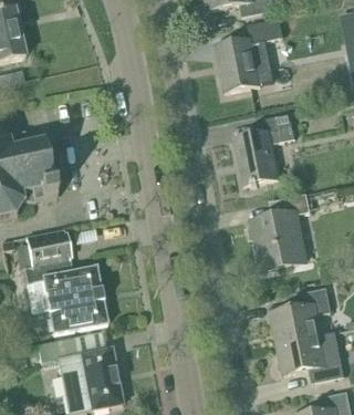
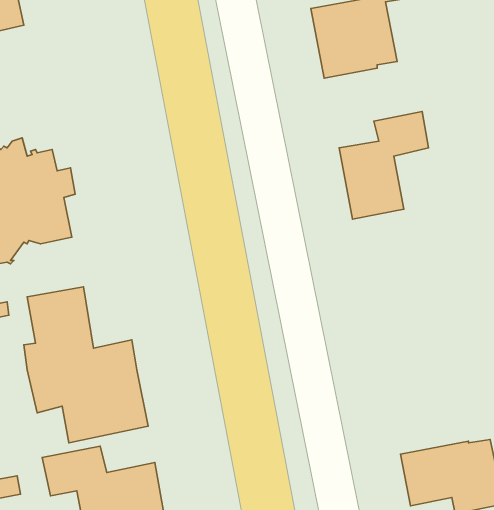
building: [251,194,310,268] -> none
building: [270,288,331,342] -> none

